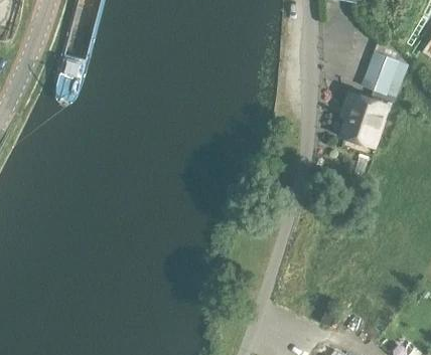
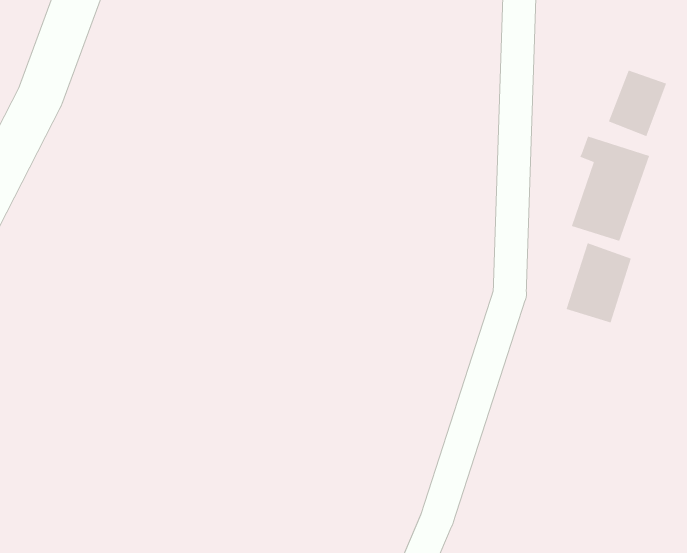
building: none -> [565,242,632,323]

